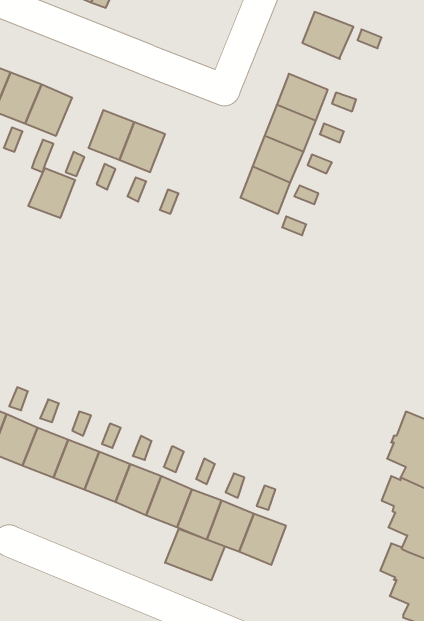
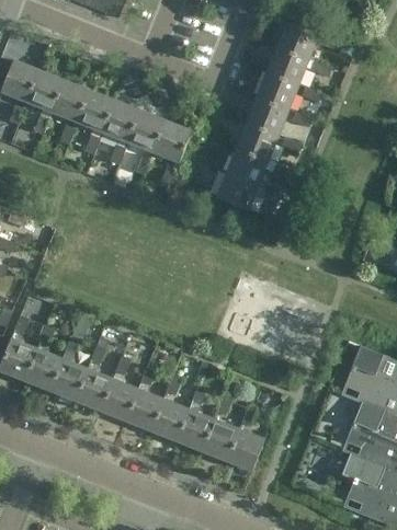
building: none -> [266,46,331,84]
building: none -> [154,120,191,162]
building: [28,168,75,218] -> [77,91,115,131]
building: none -> [216,172,258,210]
building: [165,529,225,580] -> none

